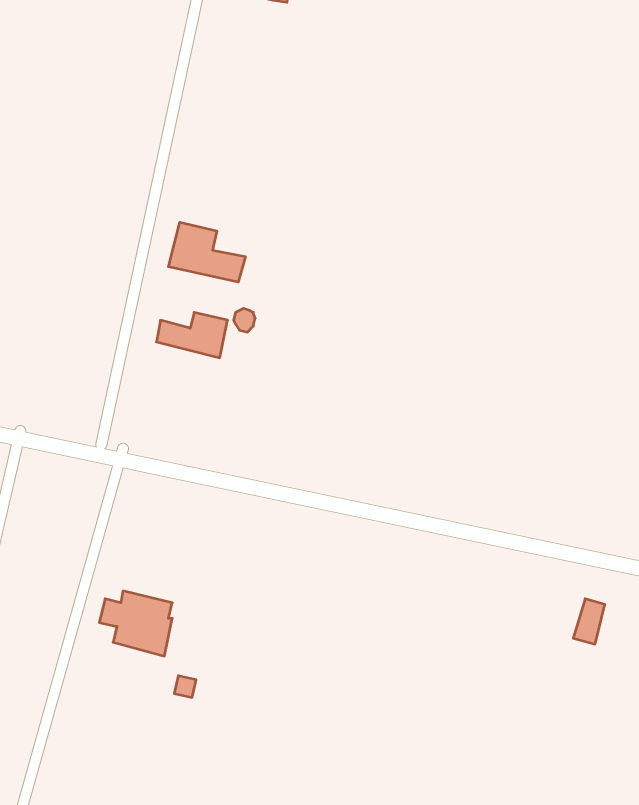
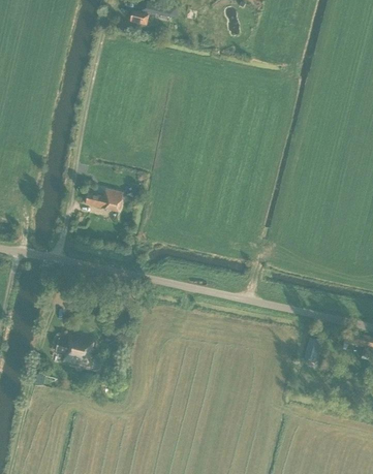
building: [168,222,245,282] -> none

